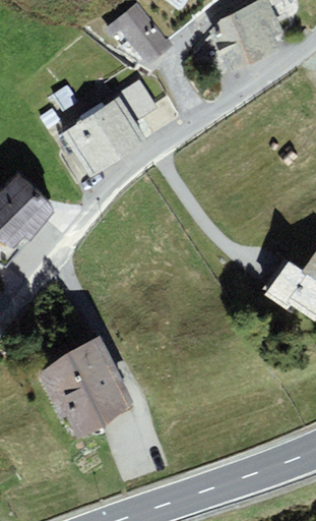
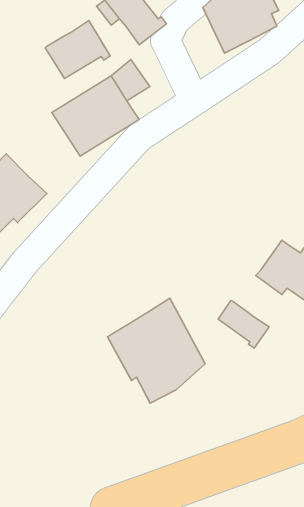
building: none -> [45,21,110,78]
building: none -> [218,301,269,348]
building: [37,335,132,438] -> [107,298,205,403]

